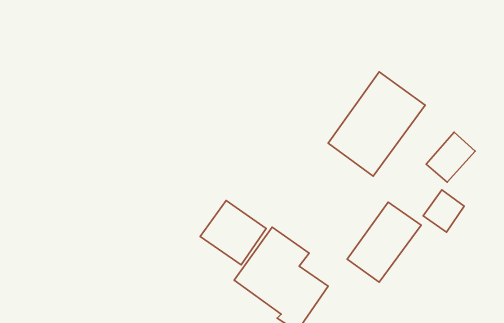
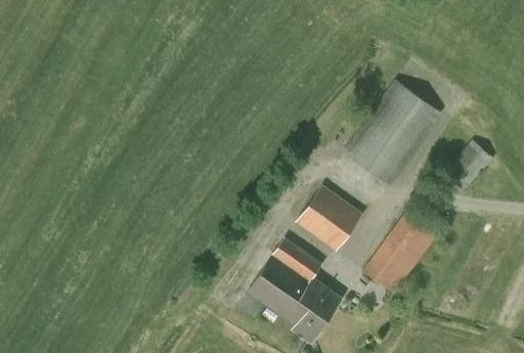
building: [423,190,464,232] -> none
building: [200,201,266,265] -> [295,185,362,251]

